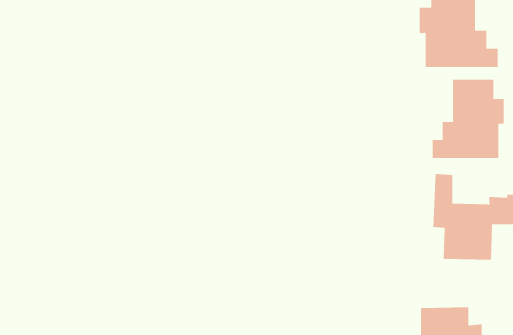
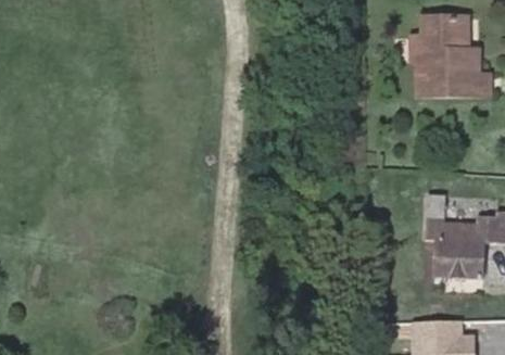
building: [432,79,504,159] -> none

